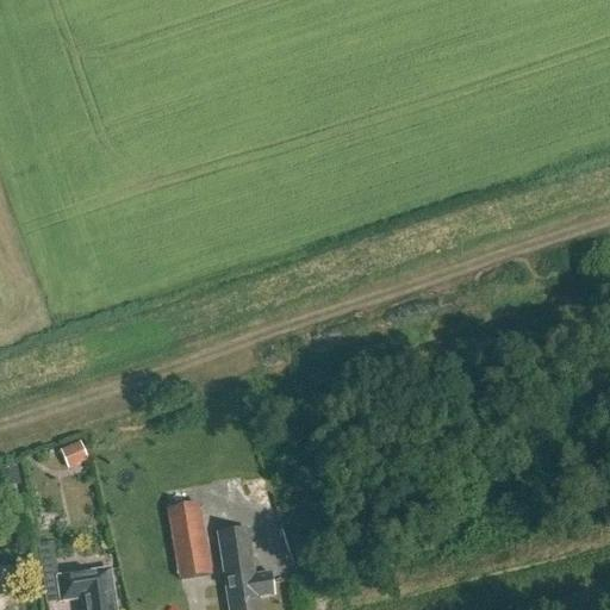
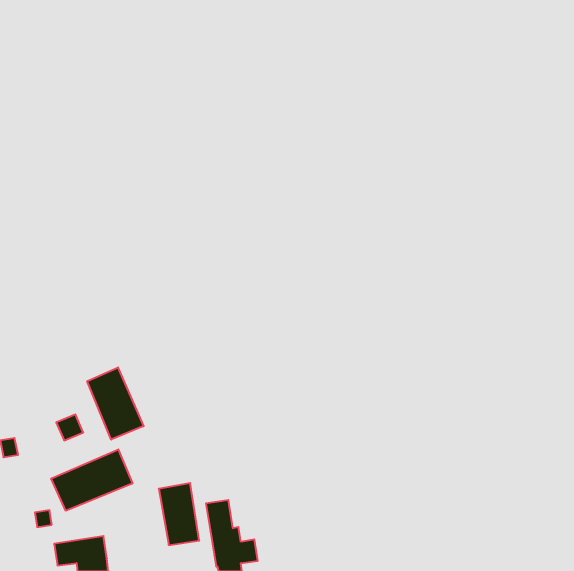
building: none -> [87,367,144,440]
building: none -> [51,449,132,511]

